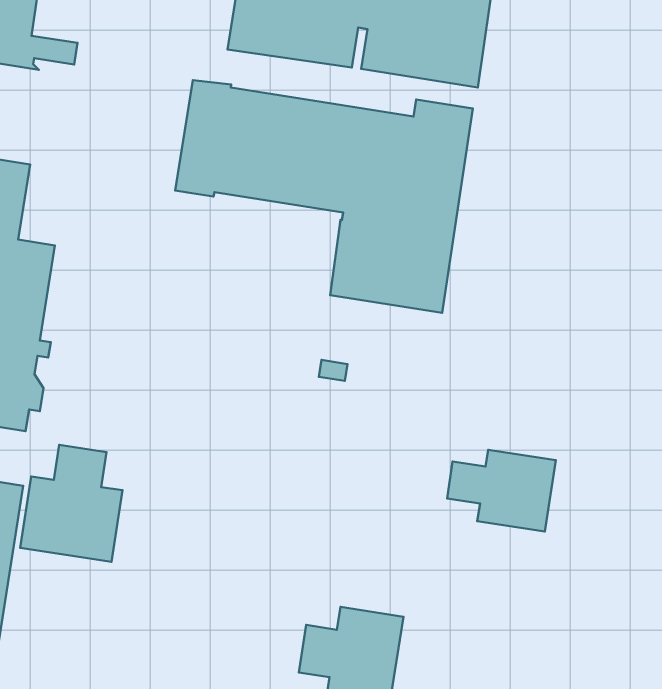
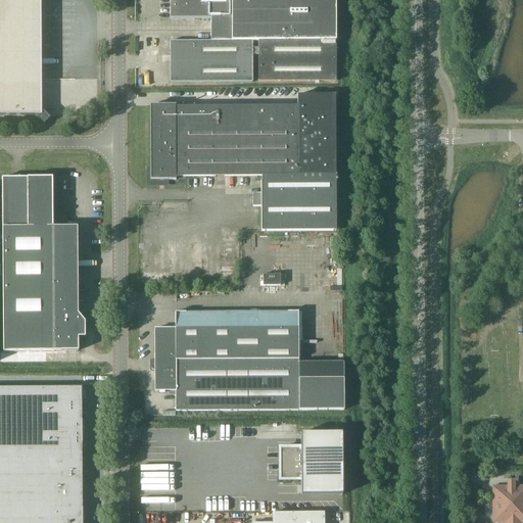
building: none -> [151,308,344,409]
building: [20,445,122,562] -> none
building: [447,450,556,532] -> none

